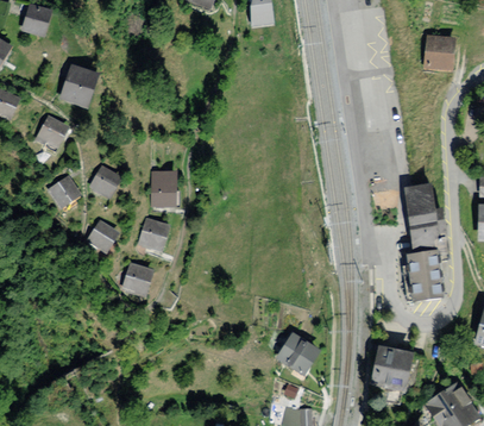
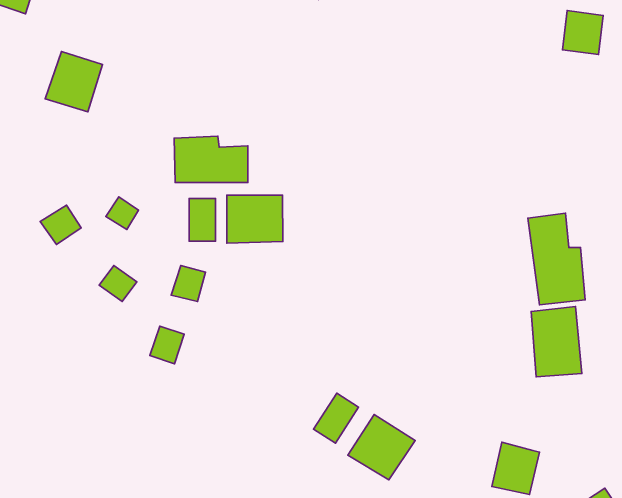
building: [32,115,64,150] -> none
building: none -> [174,136,248,182]
building: none -> [227,195,283,243]
building: none -> [314,393,359,443]

